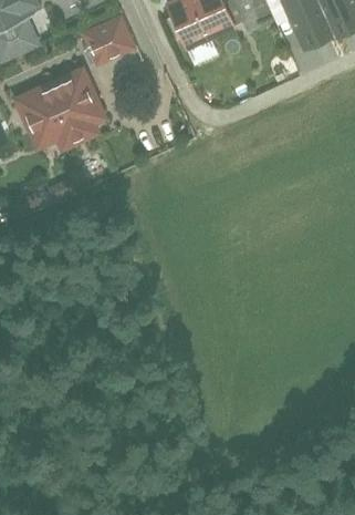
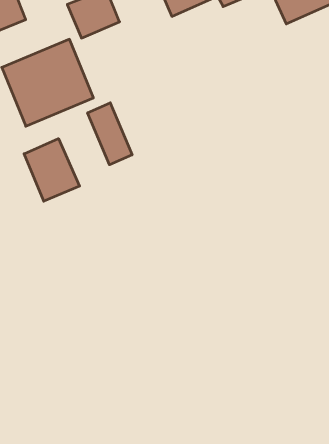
building: none -> [88,103,132,165]
building: none -> [24,139,80,201]

